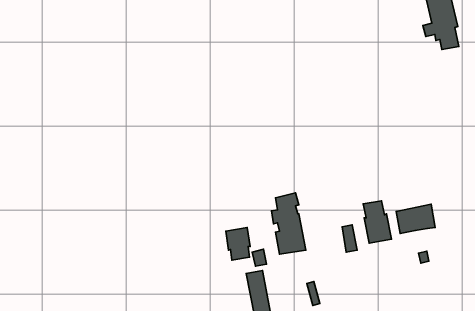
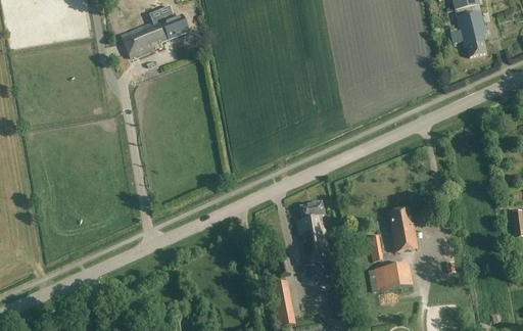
building: none -> [121,14,187,57]
building: [396,204,435,234] -> [373,262,413,291]
building: [226,227,250,260] -> none

